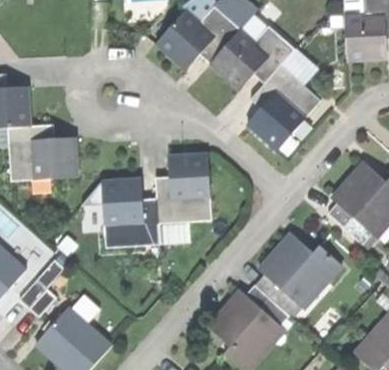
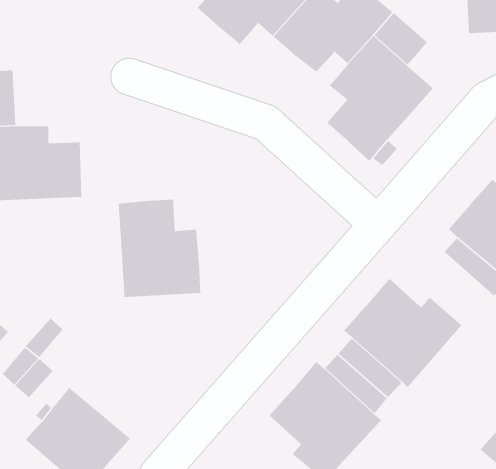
building: [155,152,212,223] -> none

